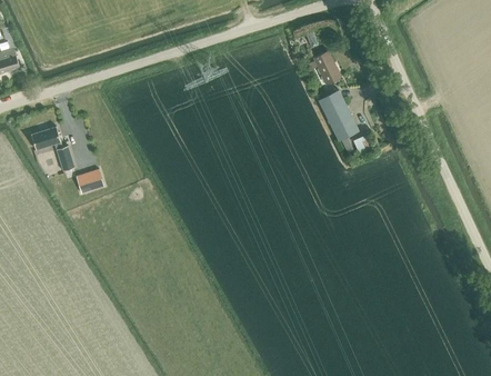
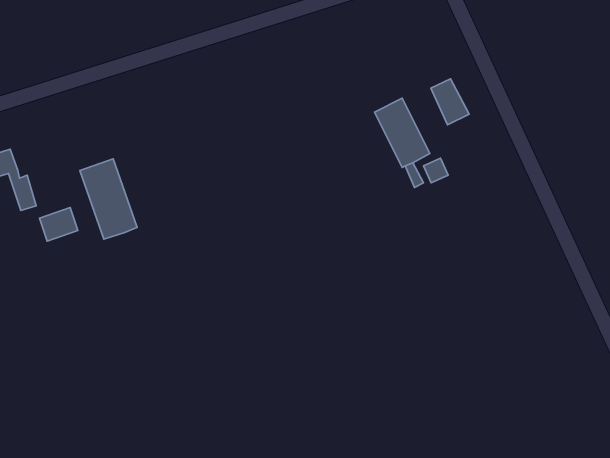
building: [313,50,341,83] -> [431,79,469,125]
building: none -> [80,159,137,239]

